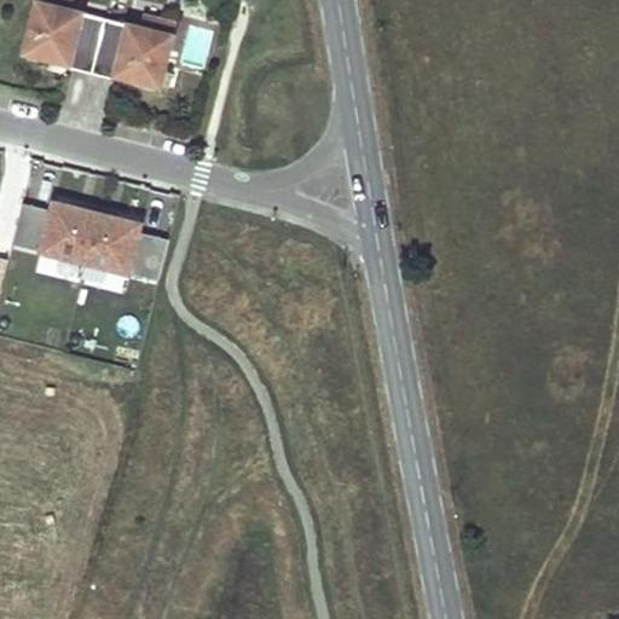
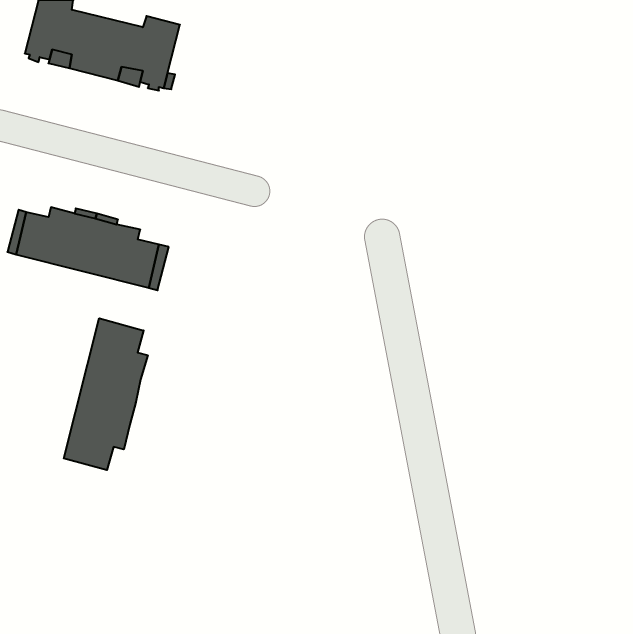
building: none -> [64,318,148,470]

